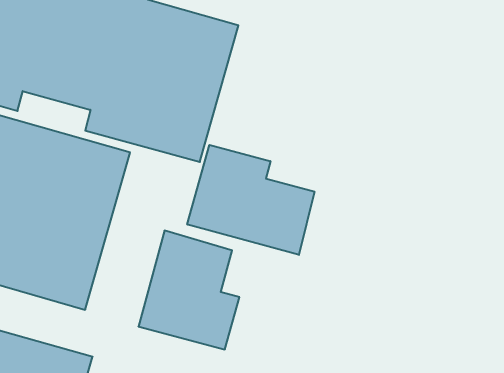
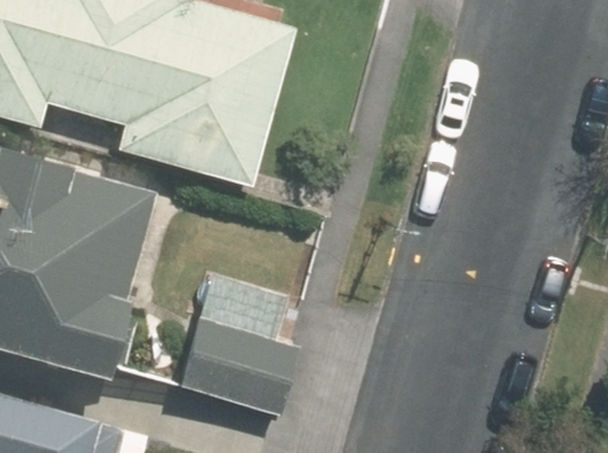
building: [187,145,314,255] -> none

